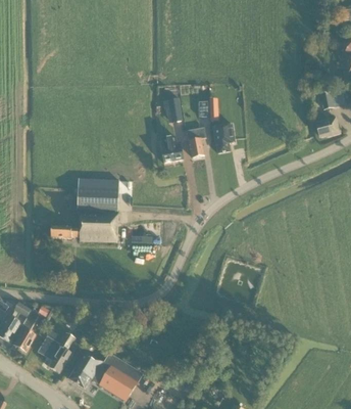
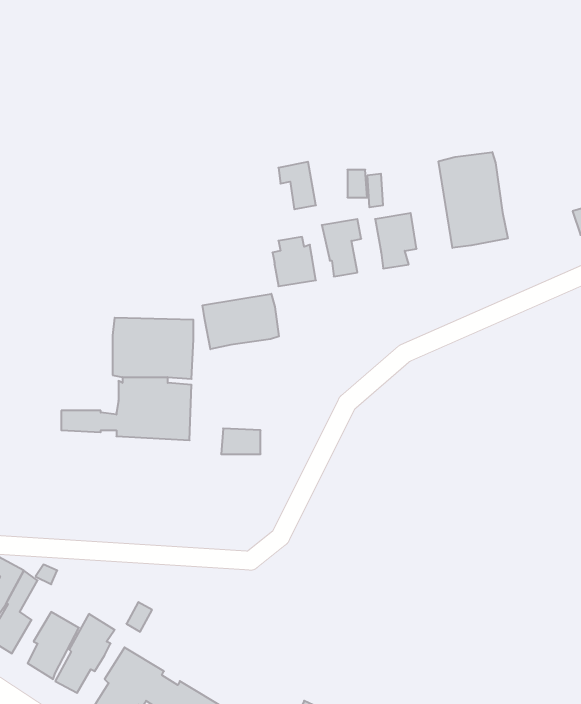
building: none -> [439,152,508,248]
building: none -> [203,294,279,349]

